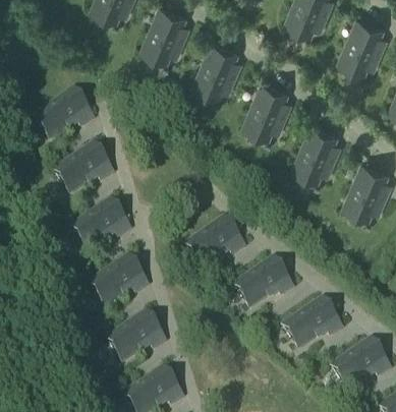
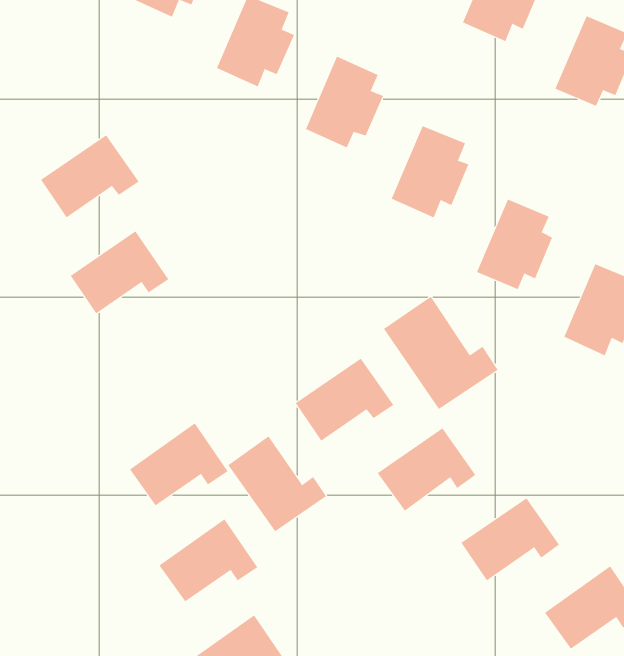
building: none -> [383,296,498,410]
building: [73,200,130,249] -> none
building: none -> [227,436,327,532]

